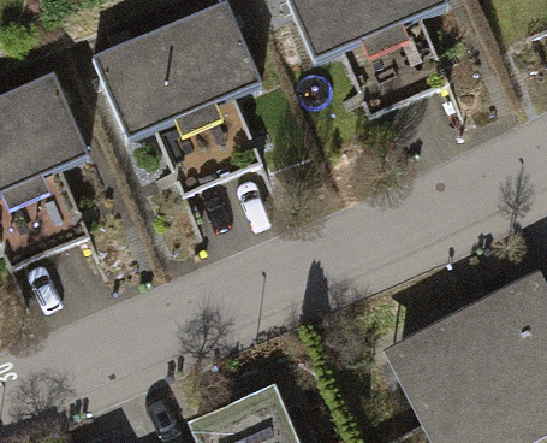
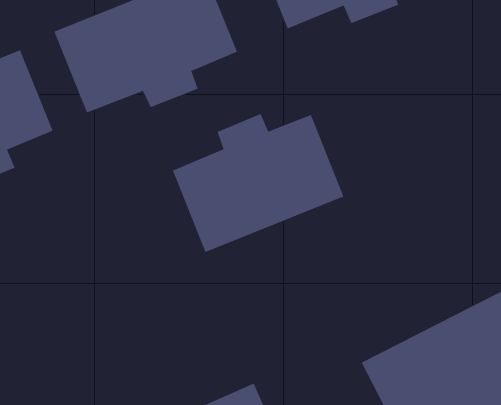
building: none -> [172,113,344,253]

